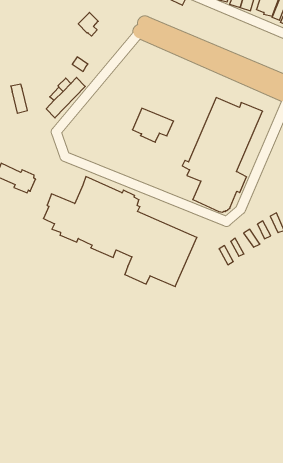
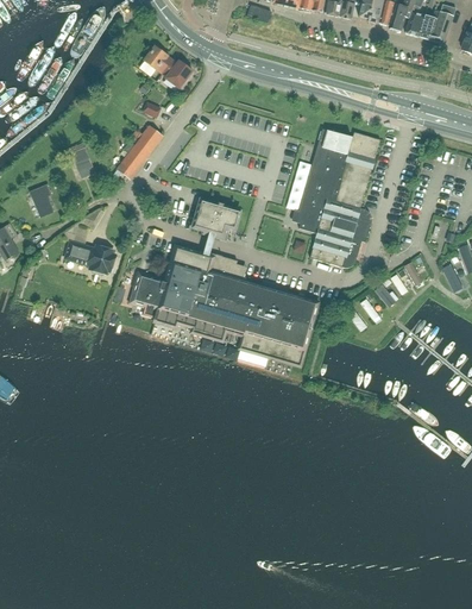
building: none -> [161,54,190,87]
building: [132,108,174,142] -> [191,199,240,238]

